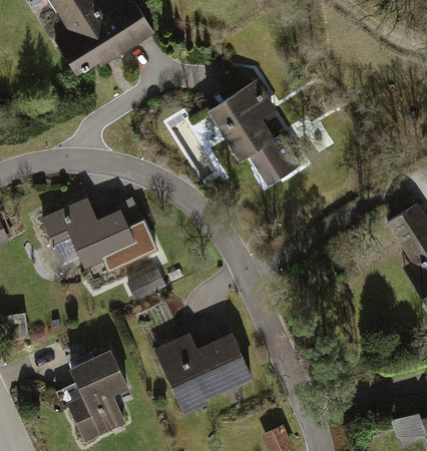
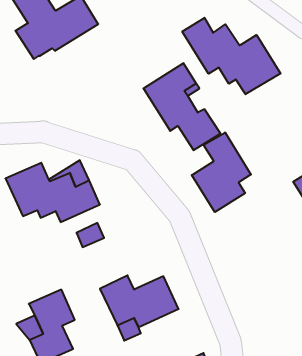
building: none -> [182,18,281,94]
building: none -> [192,132,251,212]

